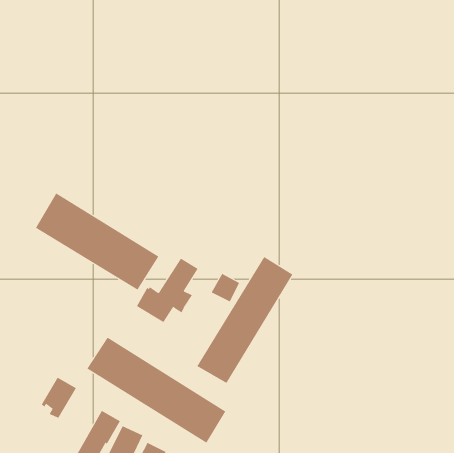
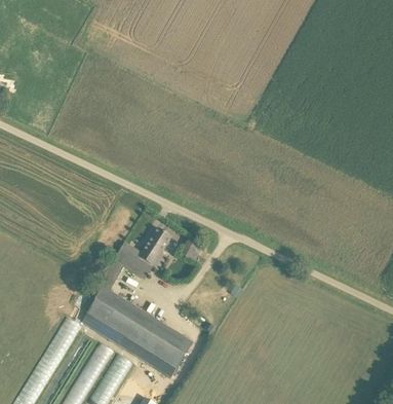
building: [35,193,159,290] -> none
building: [197,256,293,384] -> none

